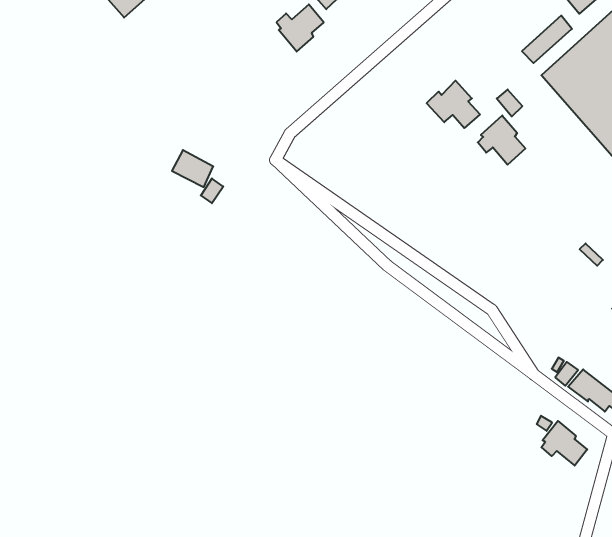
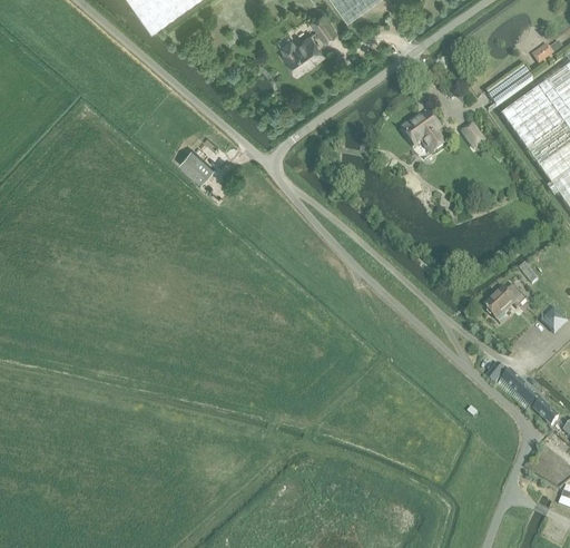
building: [478,115,525,165] -> none
building: none -> [483,282,525,317]
building: [541,421,587,466] -> none

